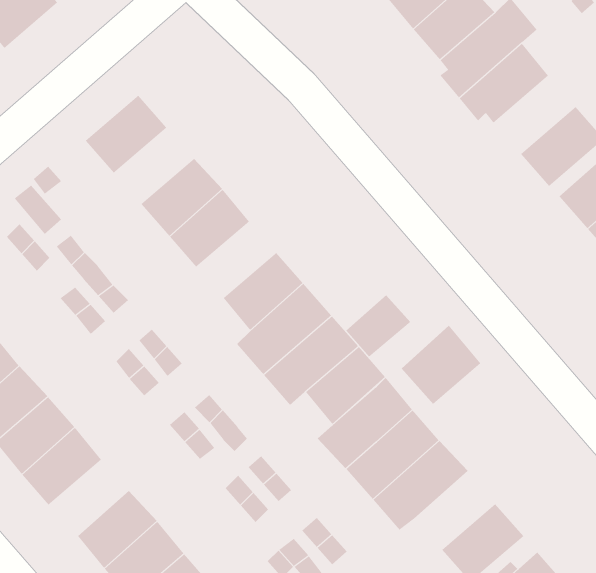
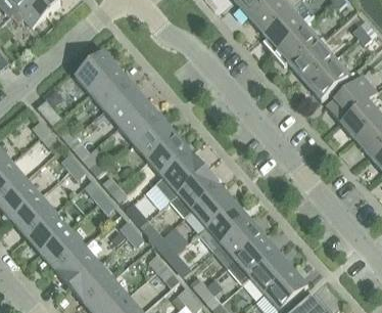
building: none -> [292,41,336,83]
building: none -> [90,69,133,109]
building: none -> [134,119,177,160]
building: [346,295,411,358] -> none
building: [401,325,481,405] -> none
building: none -> [55,245,98,286]
building: none -> [250,252,293,294]

